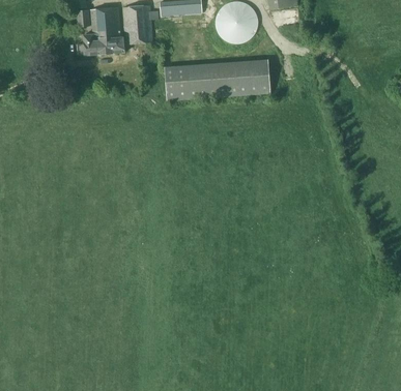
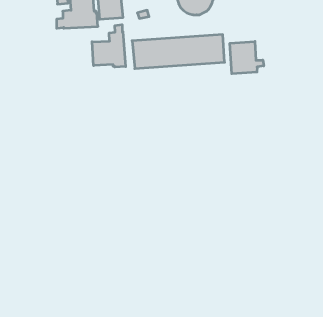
building: none -> [92,25,126,67]
building: none -> [230,41,264,74]

